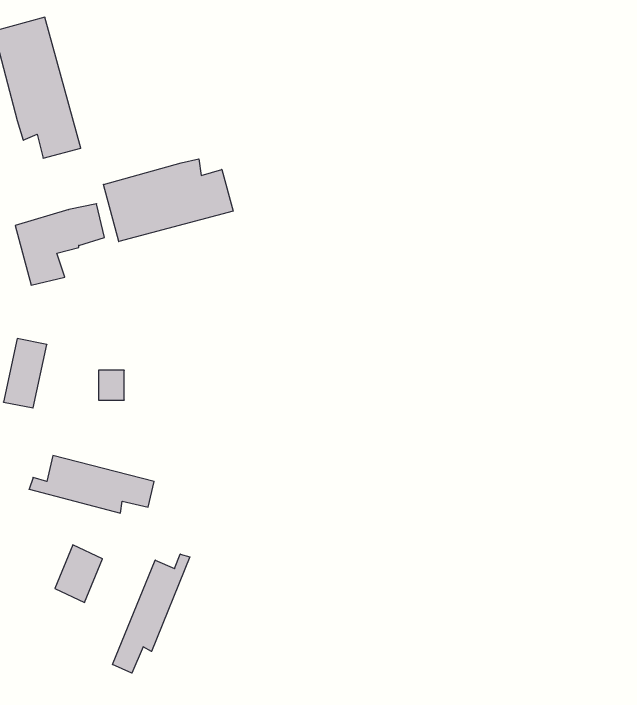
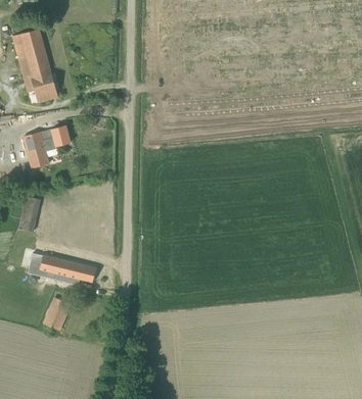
building: [103,159,233,242] -> none
building: [113,554,190,673] -> none

